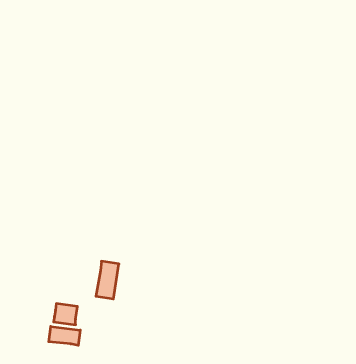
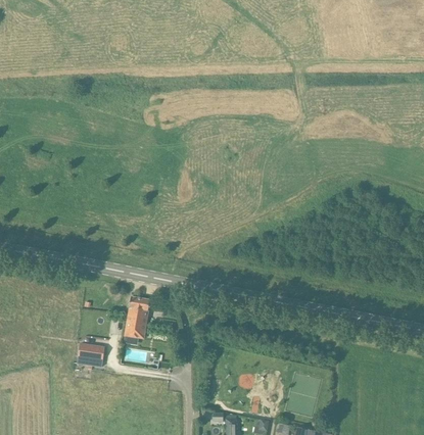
building: [49,326,80,345] -> none

